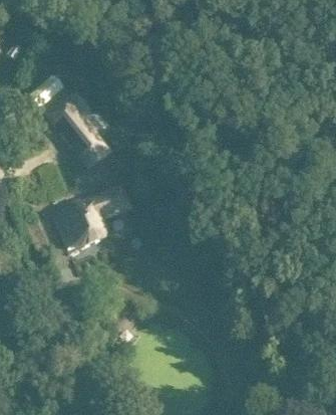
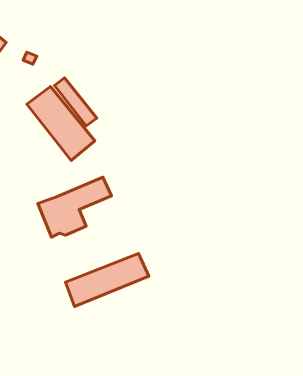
building: none -> [66,254,149,307]

